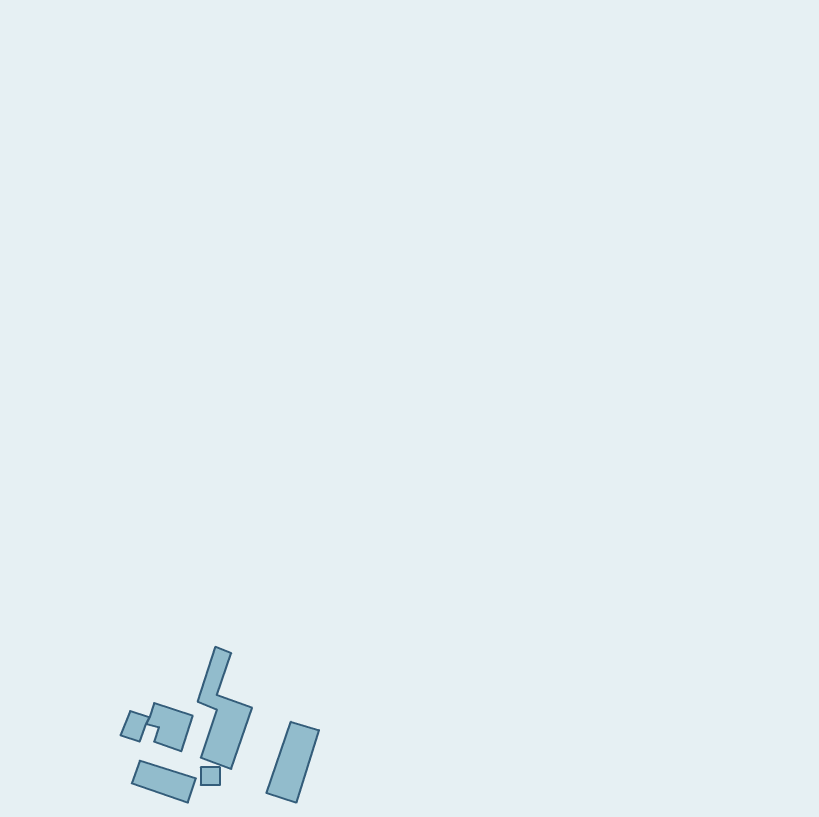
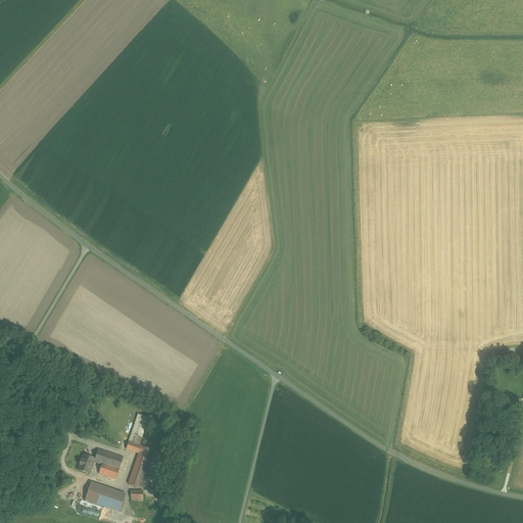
building: [266,722,319,803] -> none

